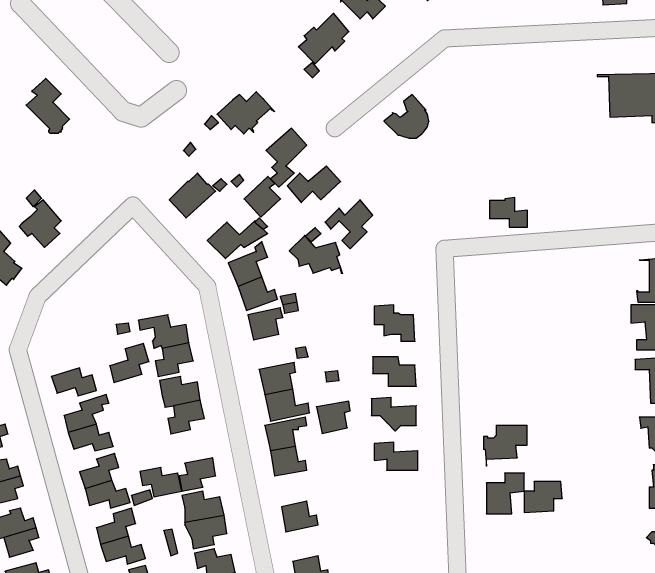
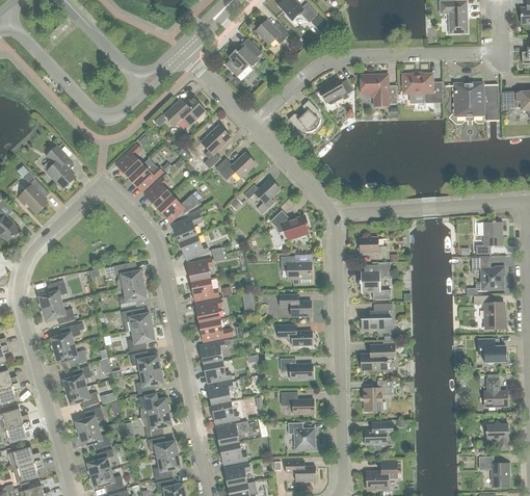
building: none -> [402,74,443,103]
building: none -> [361,75,397,106]
building: none -> [318,79,353,104]
building: [26,78,70,133] -> [43,147,75,187]
building: none -> [115,143,142,178]
building: [244,176,281,217] -> [144,178,171,208]
building: [490,198,527,227] -> [360,236,388,258]
building: [289,235,343,273] -> [270,210,310,238]
building: none -> [357,264,391,299]
building: none -> [191,278,218,301]
building: [110,343,149,383] -> [38,280,68,309]
building: none -> [361,304,393,332]
building: [316,401,350,433] -> [208,382,233,406]
building: [140,467,182,497] -> [130,351,161,373]
building: [524,482,562,512] -> [365,422,393,445]
building: none -> [281,392,314,414]
building: none -> [216,421,249,446]
building: none -> [288,422,315,449]

